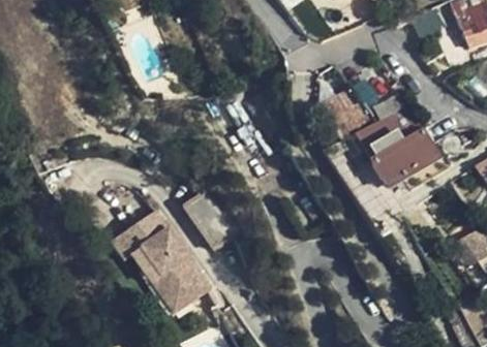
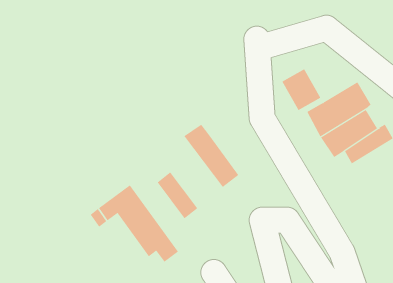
building: none -> [183,124,240,188]
building: [131,245,192,312] -> none

